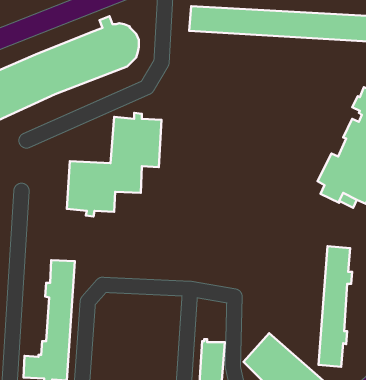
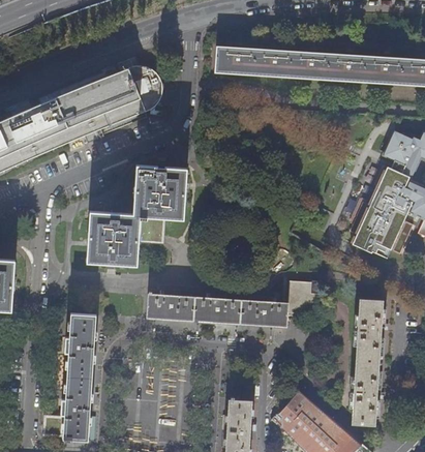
building: none -> [147,280,322,327]

